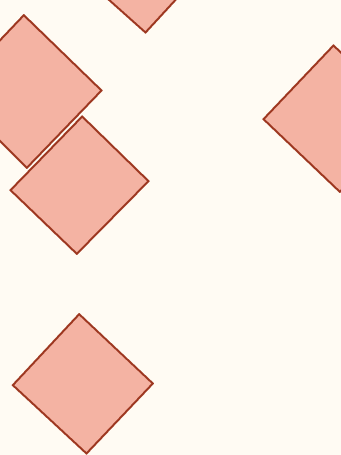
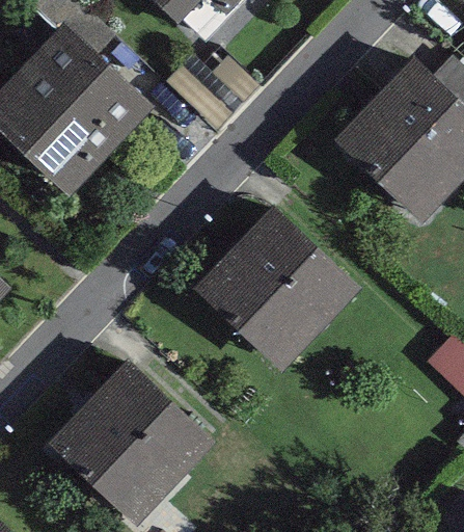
building: [11,117,149,254] -> none
building: none -> [194,204,359,368]

